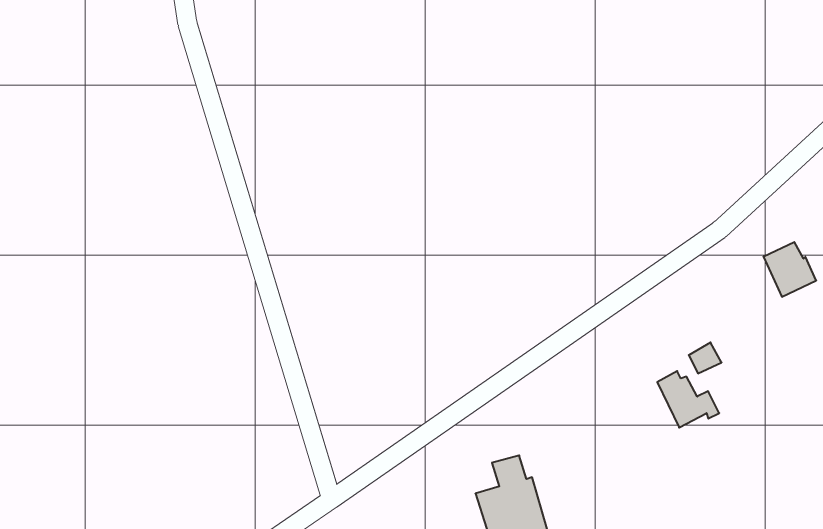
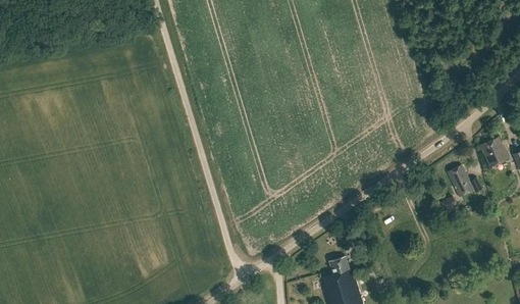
building: [657,371,719,428] -> [449,165,483,197]

